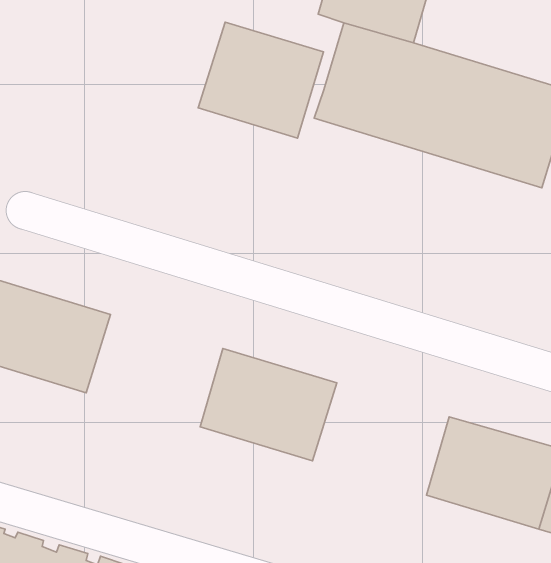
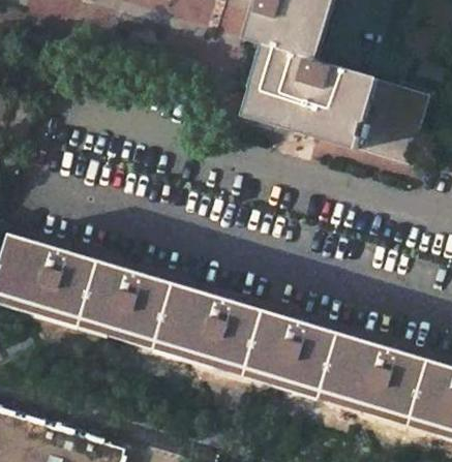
building: [198,22,323,138] -> none
building: none -> [72,258,172,340]
building: none -> [237,308,336,390]

